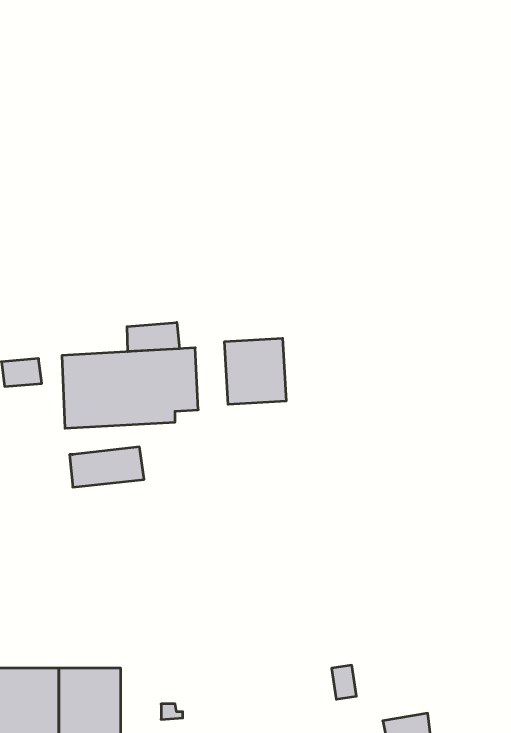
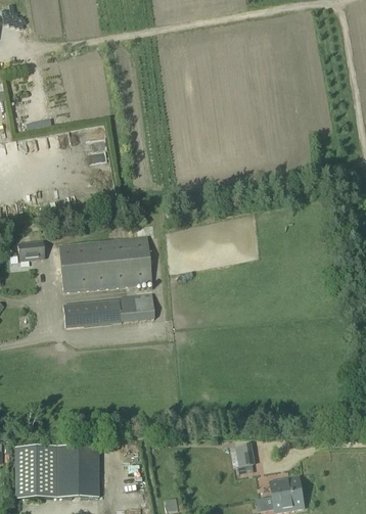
building: [127,322,179,352] -> none
building: [225,338,286,404] -> none
building: none -> [121,296,155,321]

